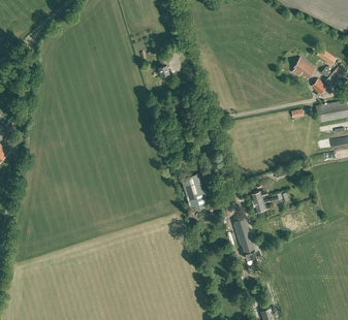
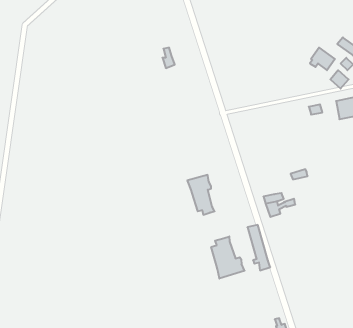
building: none -> [211,236,245,279]

